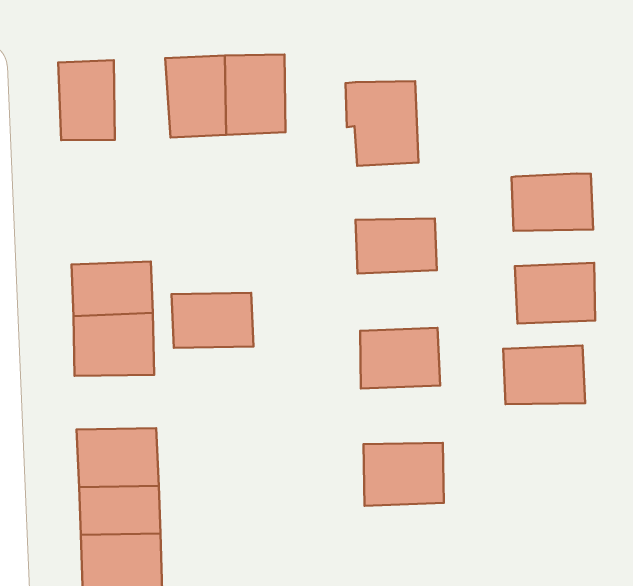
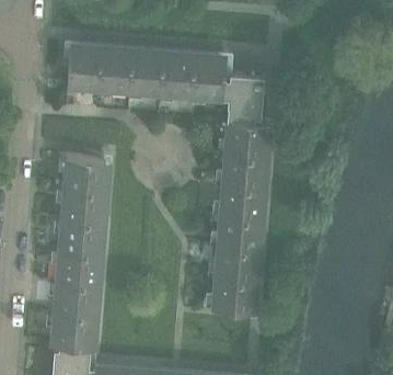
building: none -> [189,56,232,102]
building: none -> [95,48,128,94]
building: [511,174,593,231] -> [222,122,268,156]
building: [515,263,595,324] -> [218,181,264,216]
building: [172,293,253,348] -> [56,219,102,253]
building: [503,346,585,404] -> [212,245,258,280]

